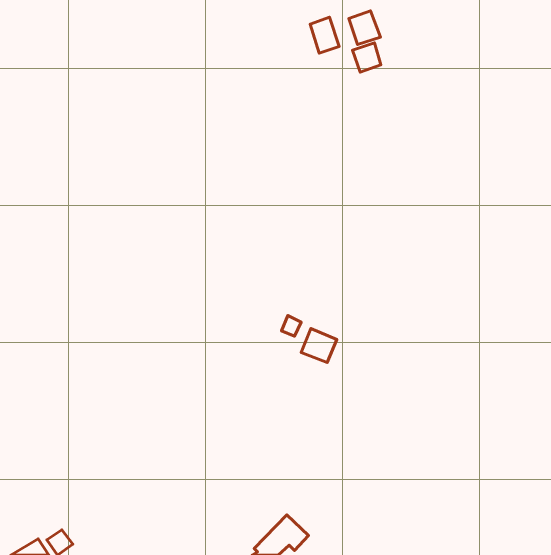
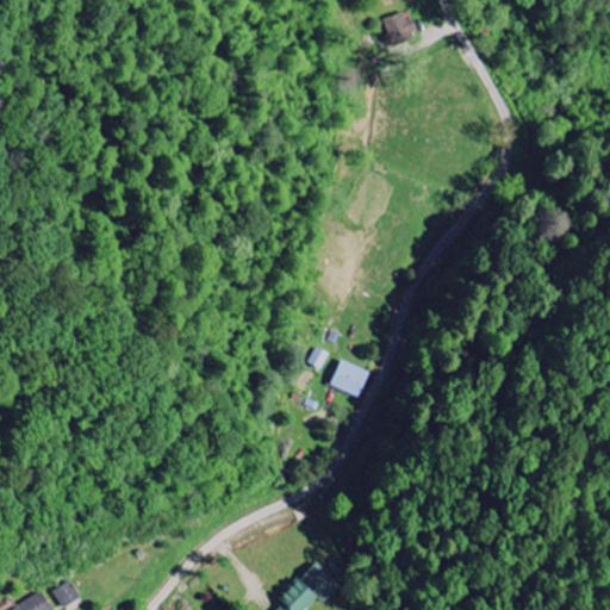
building: [310,17,339,53] -> none
building: [353,43,381,72] -> none

